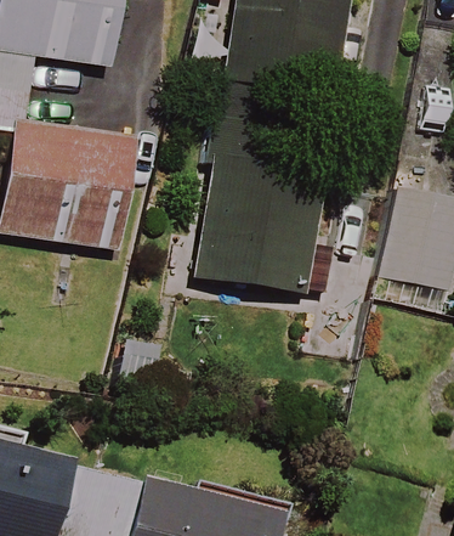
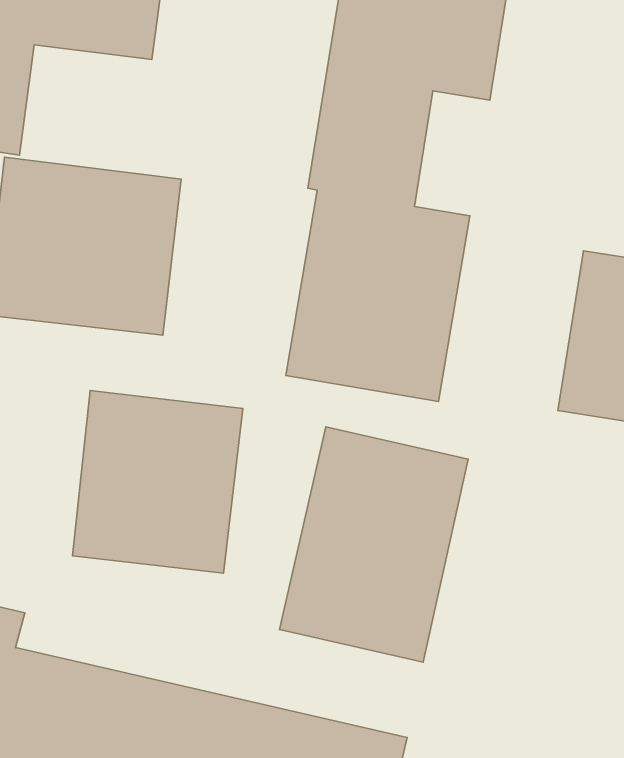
building: none -> [72,391,243,573]
building: none -> [279,427,468,662]

